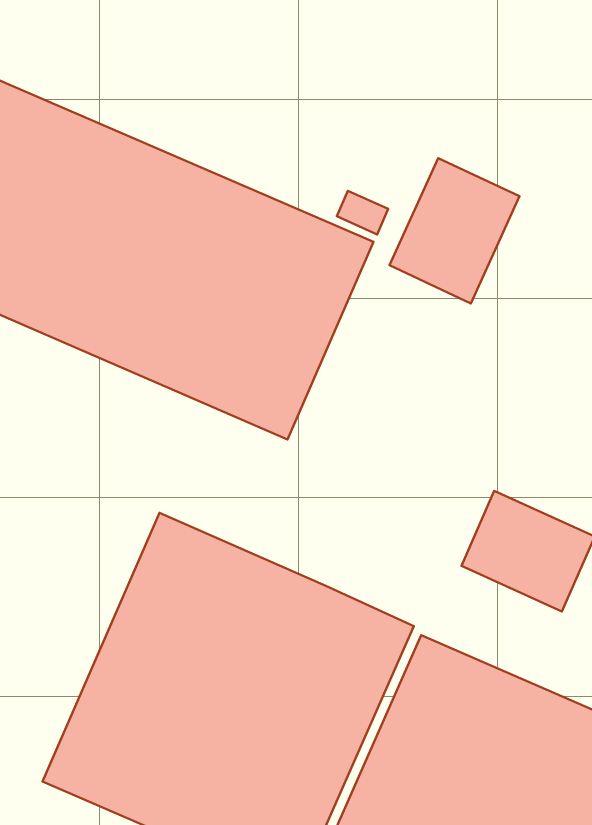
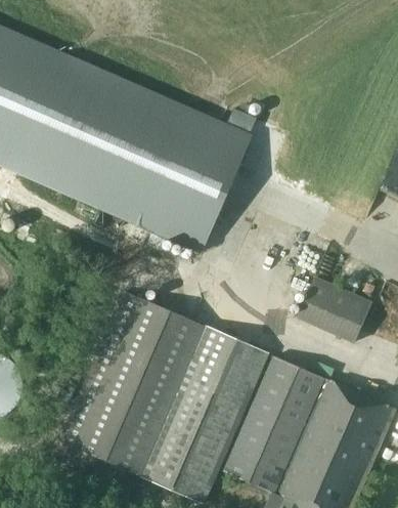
building: [389,158,519,303] -> none

